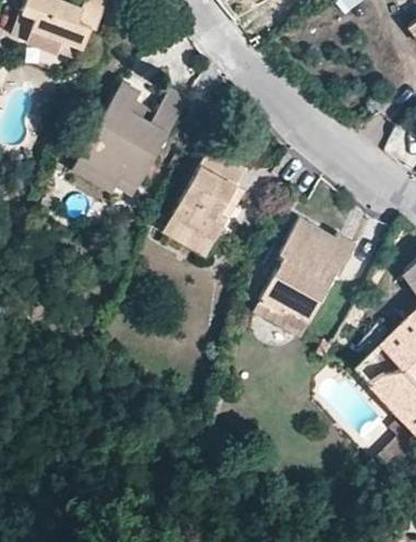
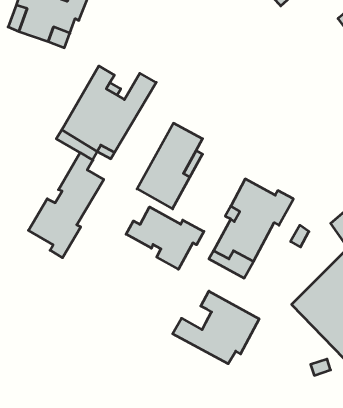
building: none -> [28,153,104,258]
building: none -> [126,207,204,269]
building: none -> [173,291,259,364]

